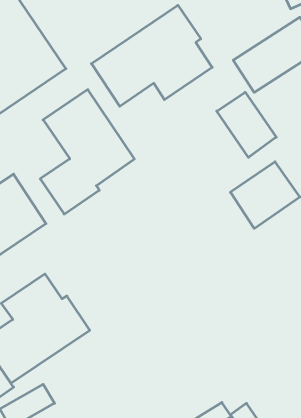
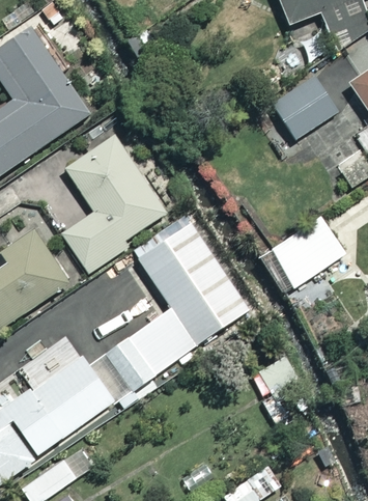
building: [91,5,212,106] -> none
building: [217,92,276,157] -> none
building: none -> [107,218,249,387]

